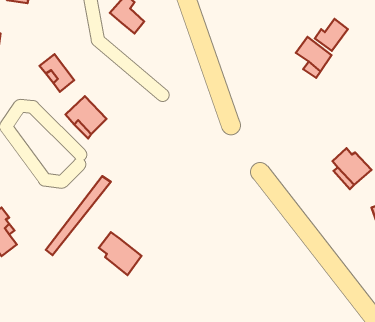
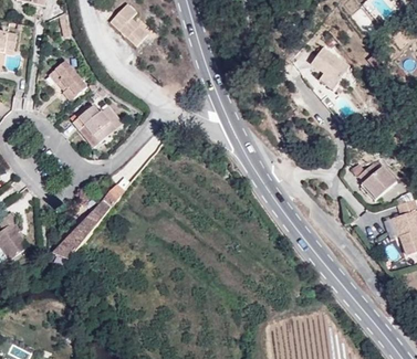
building: [315,19,348,51] -> none
building: [99,232,141,275] -> none

